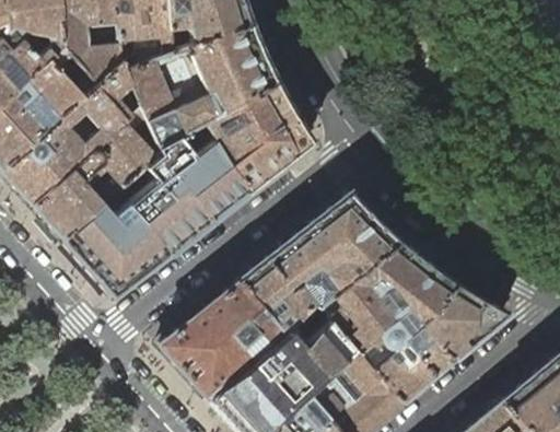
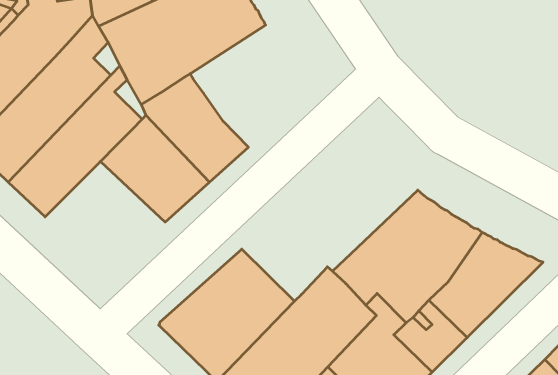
building: [206,82,313,190] -> none
building: [66,192,173,295] -> none
building: [240,192,401,331] -> none

